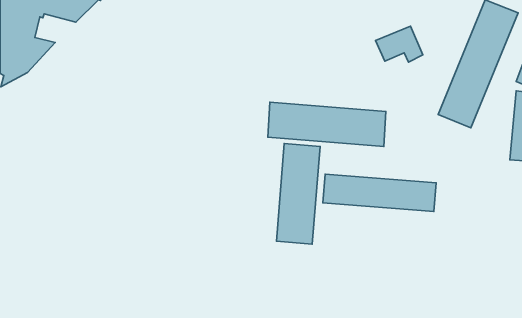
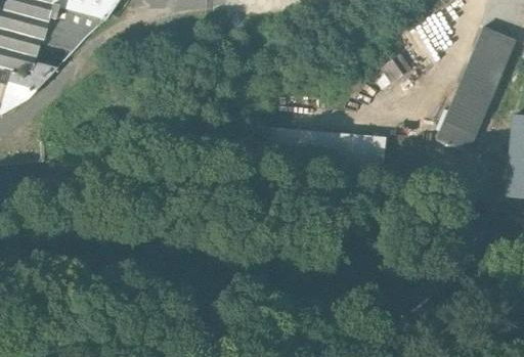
building: [276,143,320,244] -> none
building: [323,174,436,212] -> none

